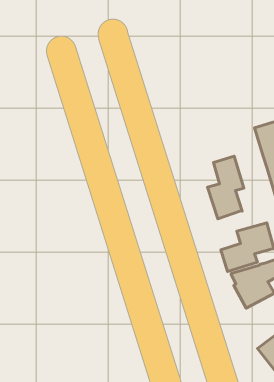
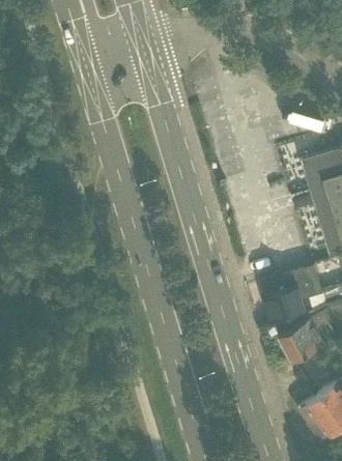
building: [208,156,244,219] -> none

